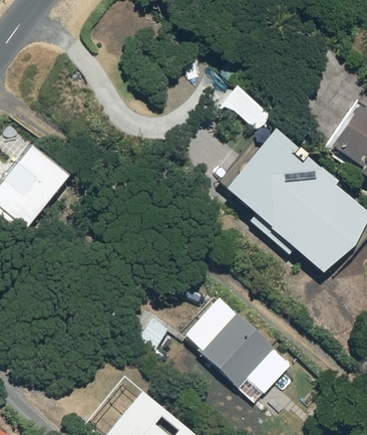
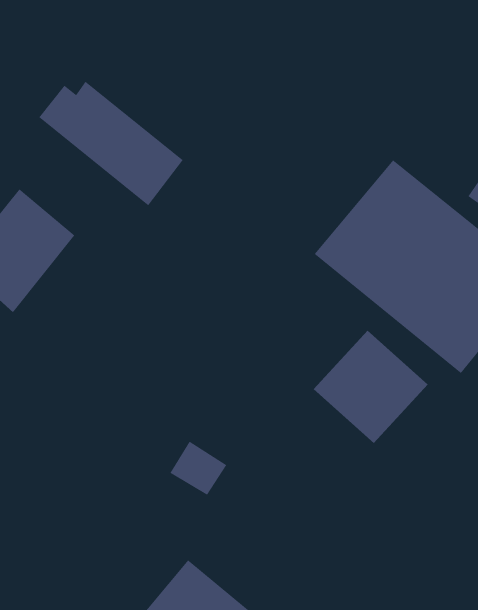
building: none -> [39,81,183,206]
building: [199,312,275,388] -> [313,330,428,444]

